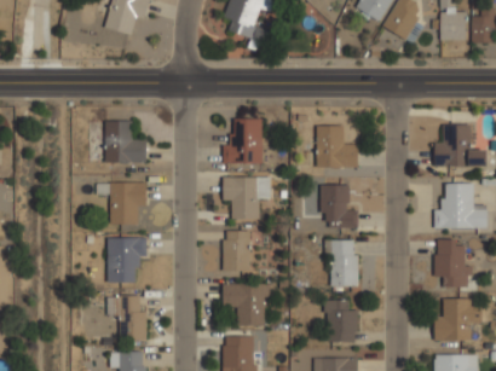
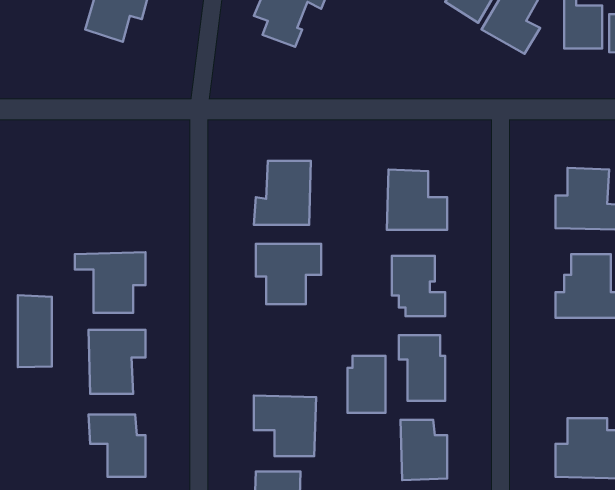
building: [105,121,148,163] -> none
building: none -> [18,295,52,367]
building: [223,231,249,271] -> [347,356,385,413]
building: [436,242,471,286] -> none

